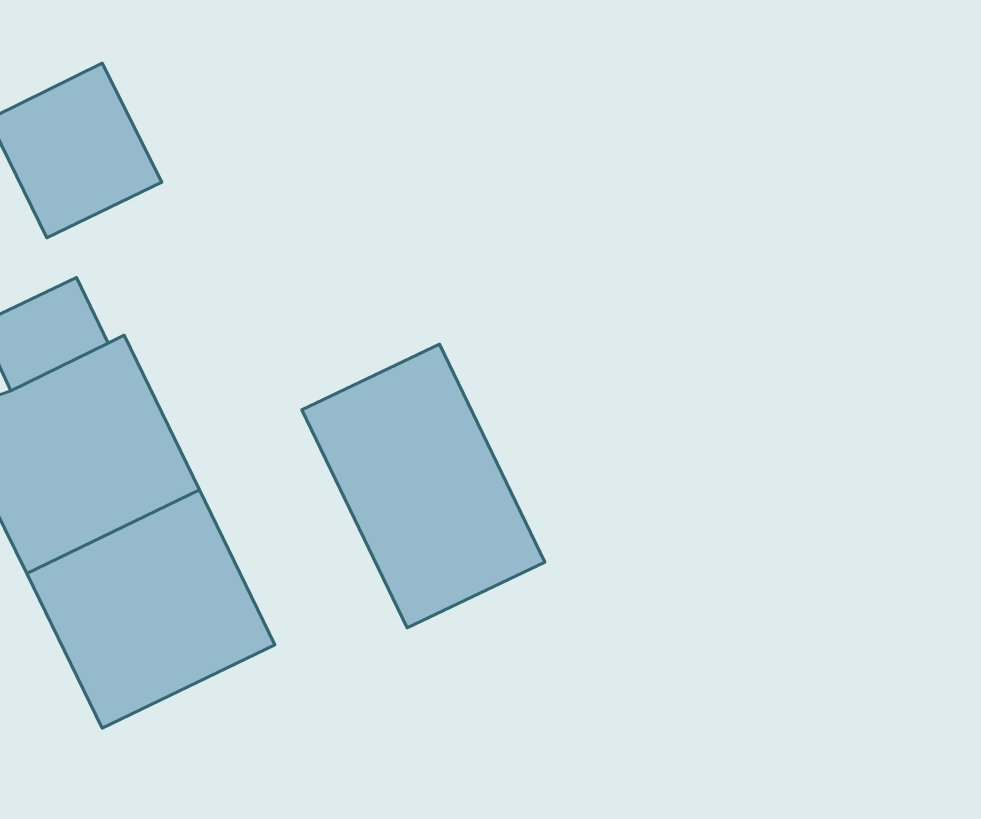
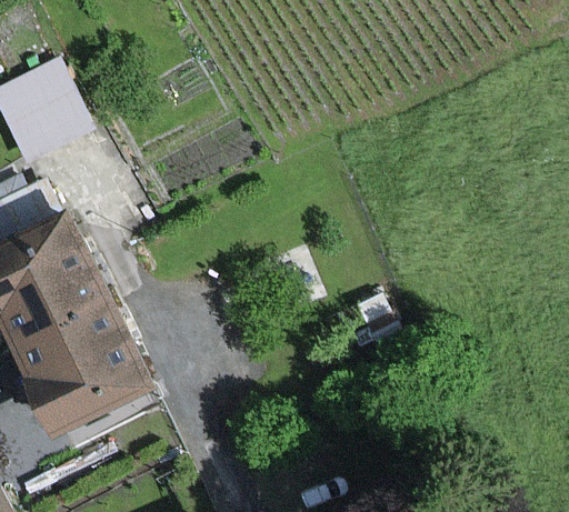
building: [302,344,545,628] -> none

